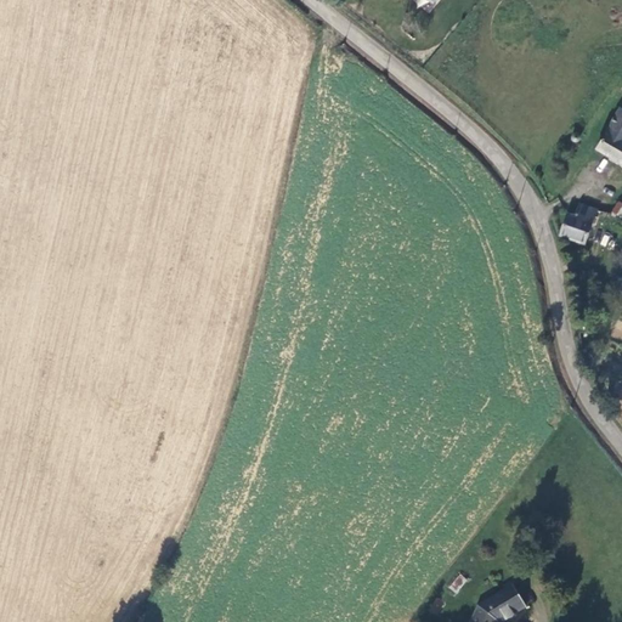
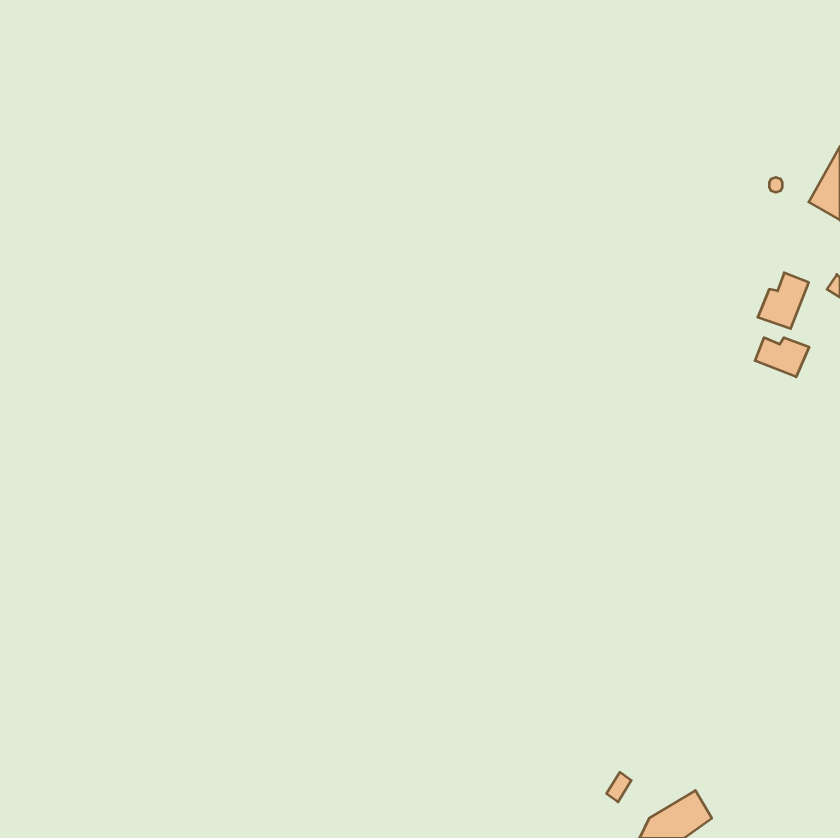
building: none -> [755,338,809,377]

